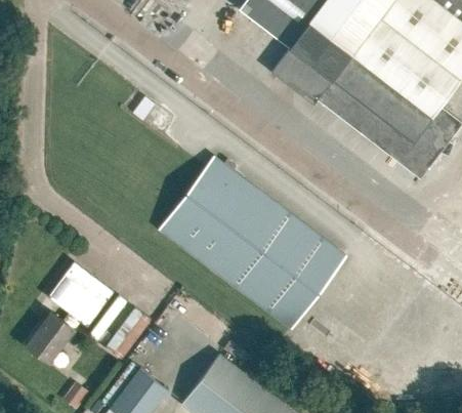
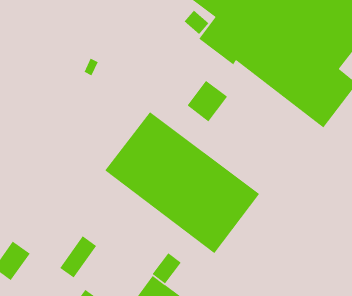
building: none -> [186,80,228,122]
building: [46,261,111,325] -> none
building: none -> [152,252,182,284]

